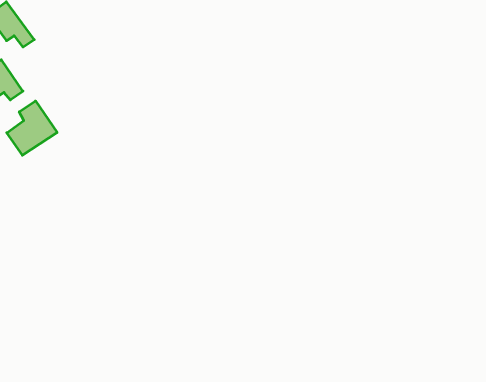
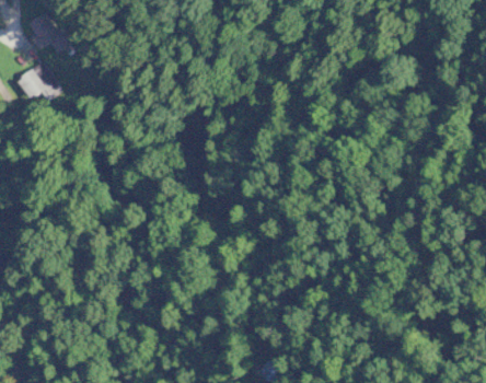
building: [7,101,57,155] -> none

